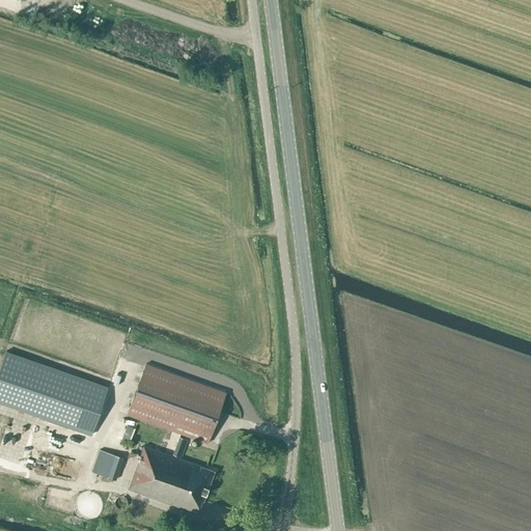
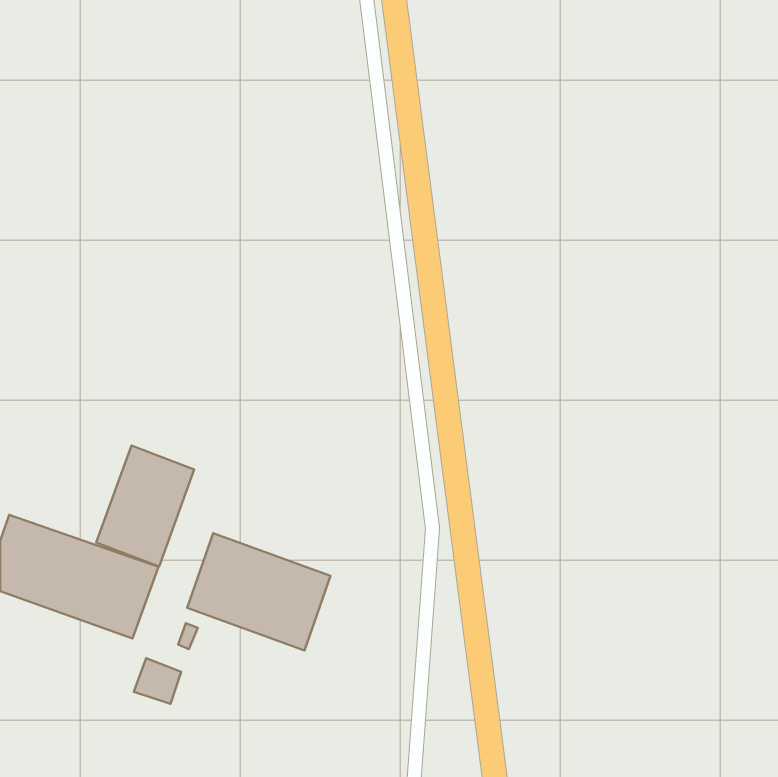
building: none -> [96,446,194,566]
building: [128,446,214,513] -> none

